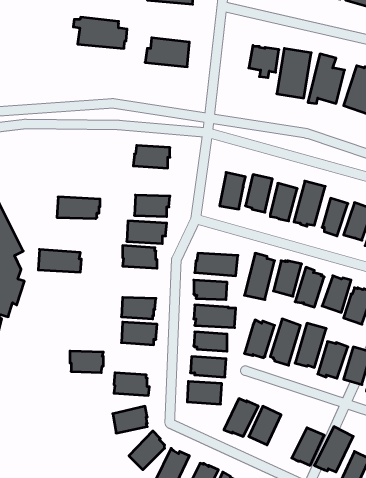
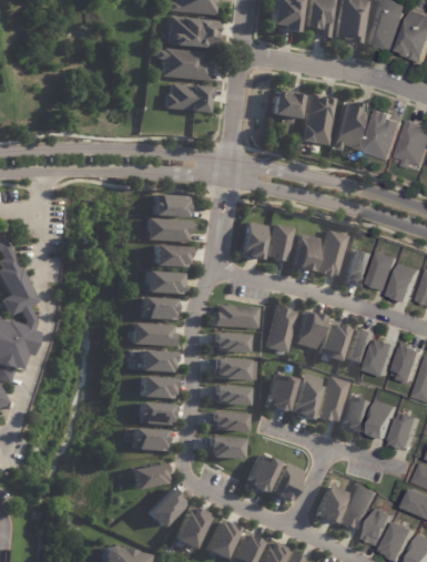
building: [73,17,127,48] -> [157,49,213,81]
building: [57,197,100,219] -> [146,218,191,241]
building: [38,249,81,272] -> [131,323,175,346]
building: [70,351,103,373] -> [138,402,172,425]

